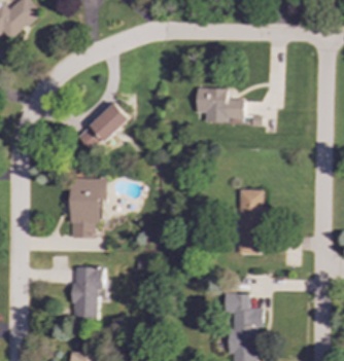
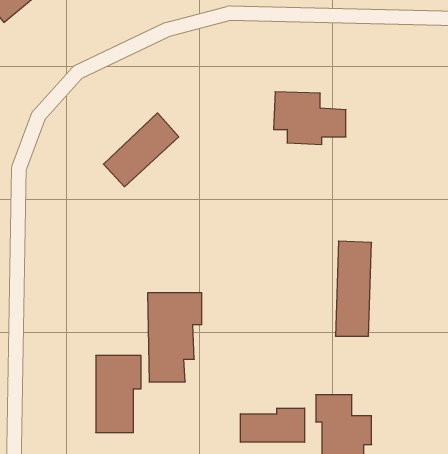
building: [70,177,107,238] -> [148,293,202,382]
building: none -> [240,408,305,442]

